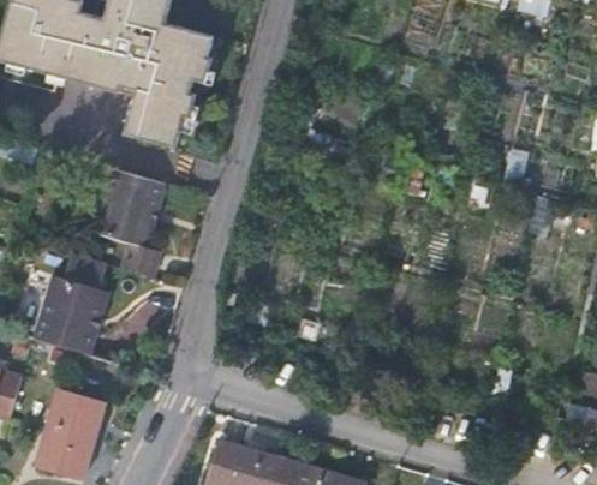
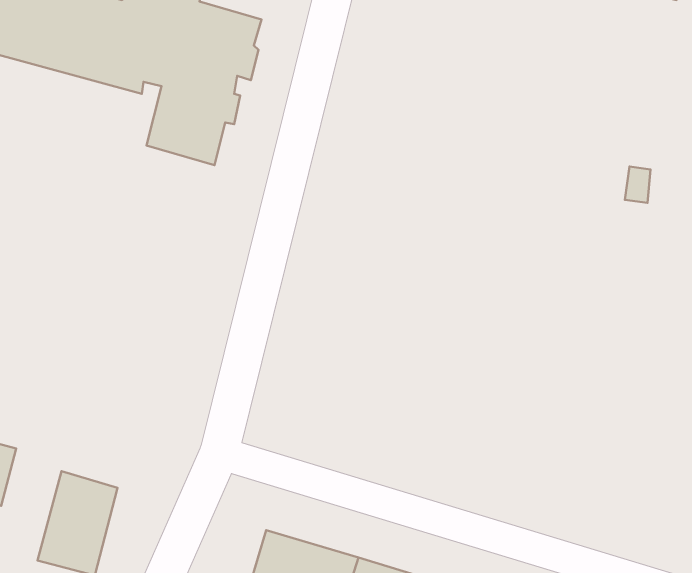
building: [91,167,163,276] -> none
building: [31,252,105,355] -> none

